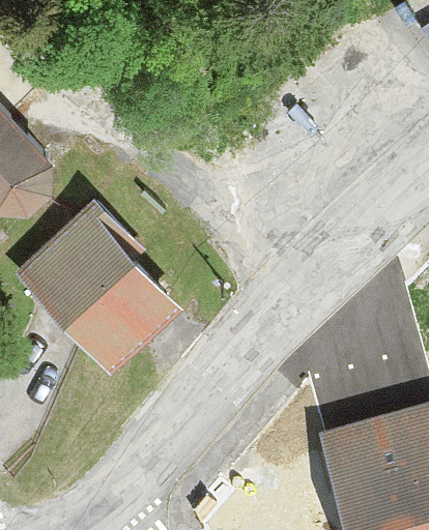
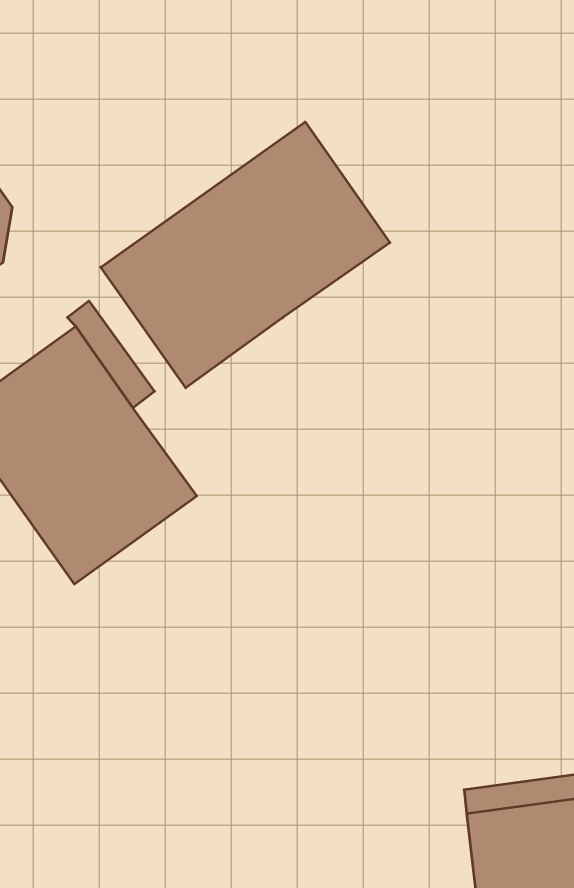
building: none -> [101,122,390,388]

